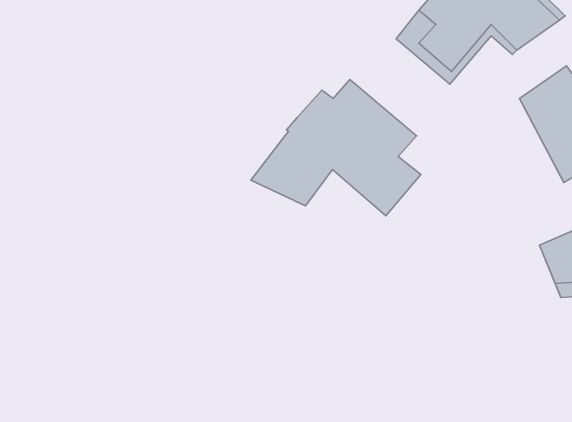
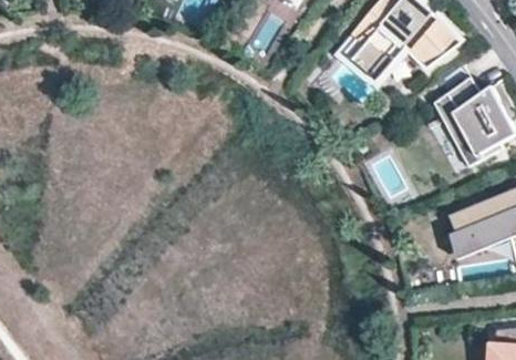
building: [251,80,421,216] -> none

